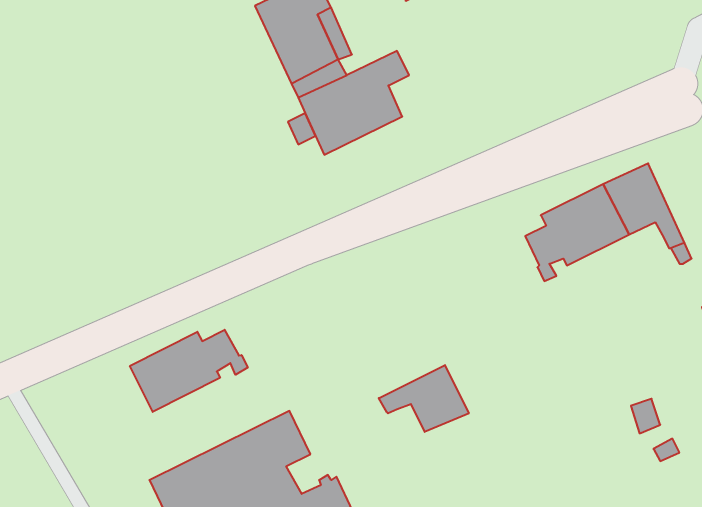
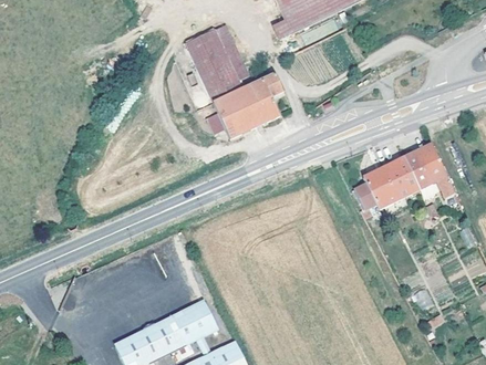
building: [130,330,248,412] -> none
building: [379,365,469,432] -> none

